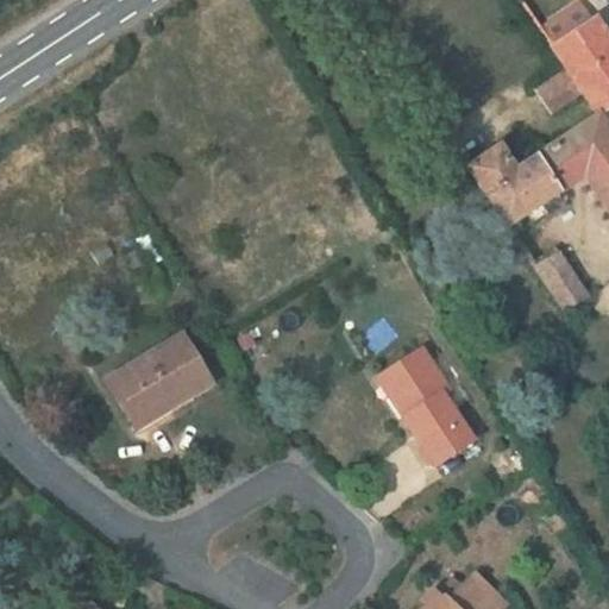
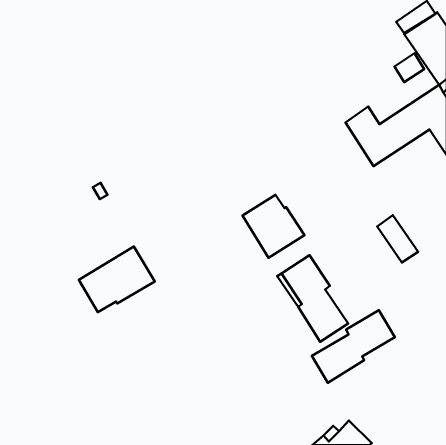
building: [534,246,590,310] -> [377,215,418,262]
building: none -> [242,195,305,258]
building: none -> [312,310,395,383]

